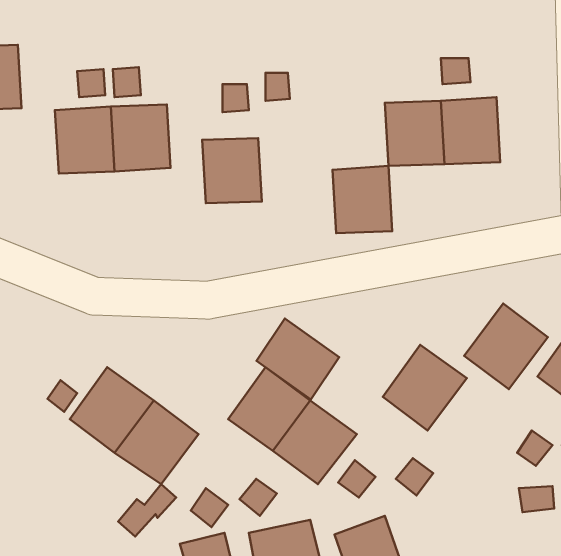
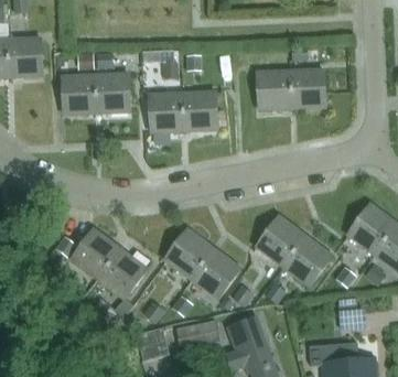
building: [333,166,392,233] -> [182,90,217,130]
building: [464,304,548,389] -> [282,235,332,286]
building: [257,319,339,399] -> none

